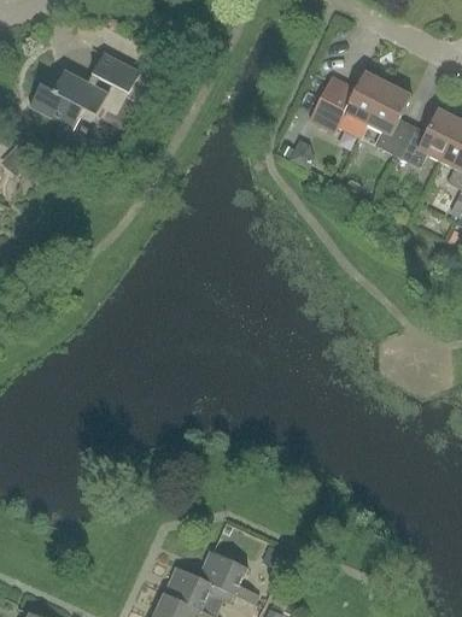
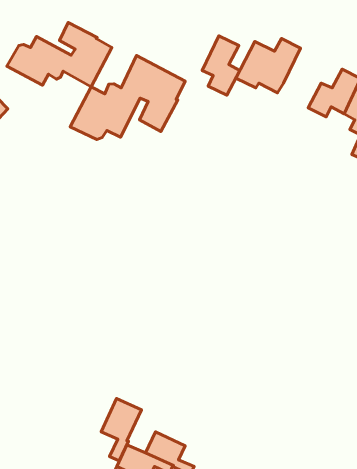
building: [367,83,413,155] -> [202,36,240,95]
building: none -> [70,56,185,140]
building: none -> [101,399,141,461]

